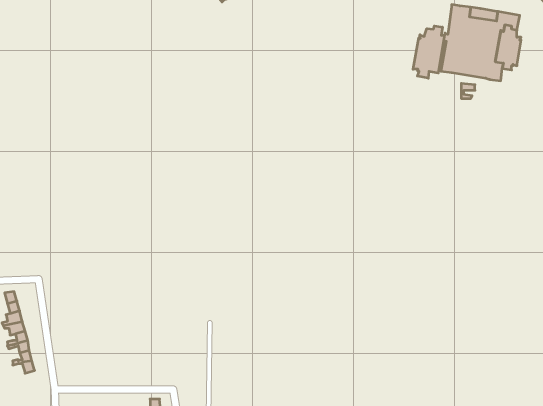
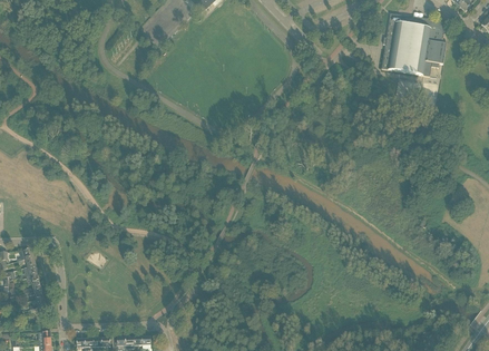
building: [413,26,445,78] -> none

